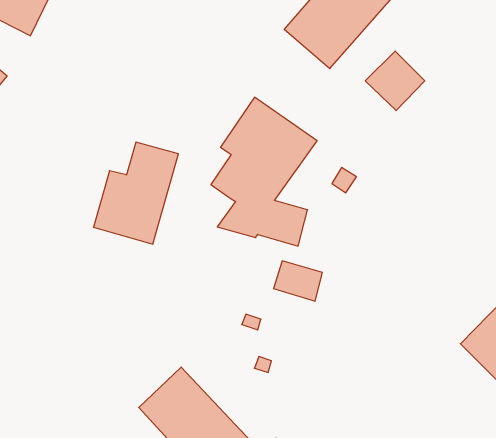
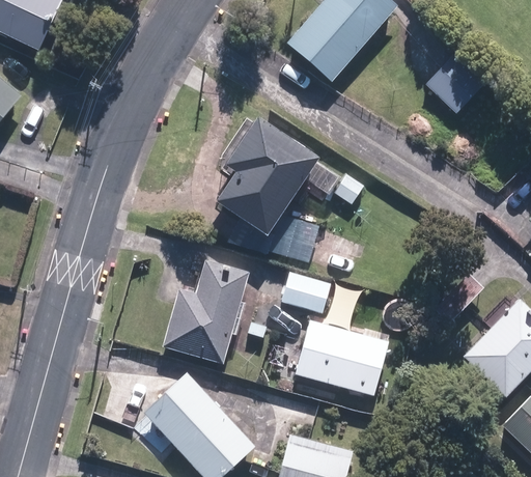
building: [365,51,425,111] -> [427,56,485,114]
building: [93,142,178,244] -> [165,262,248,362]
building: none -> [296,319,388,393]

